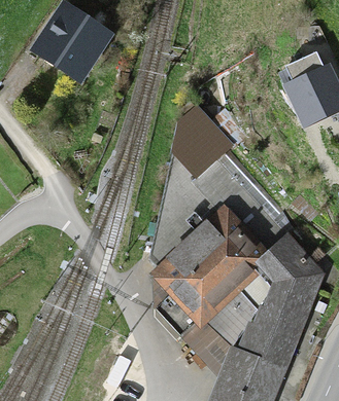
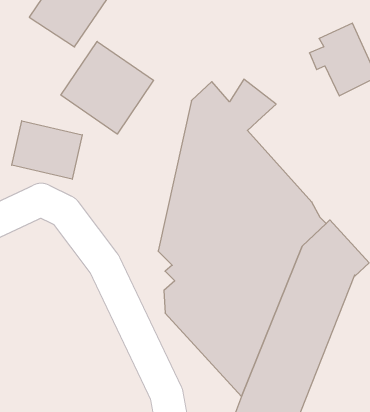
building: none -> [61,41,154,134]
building: none -> [12,121,82,179]

